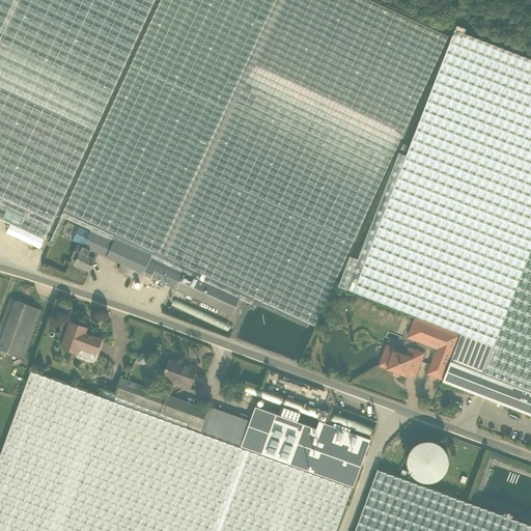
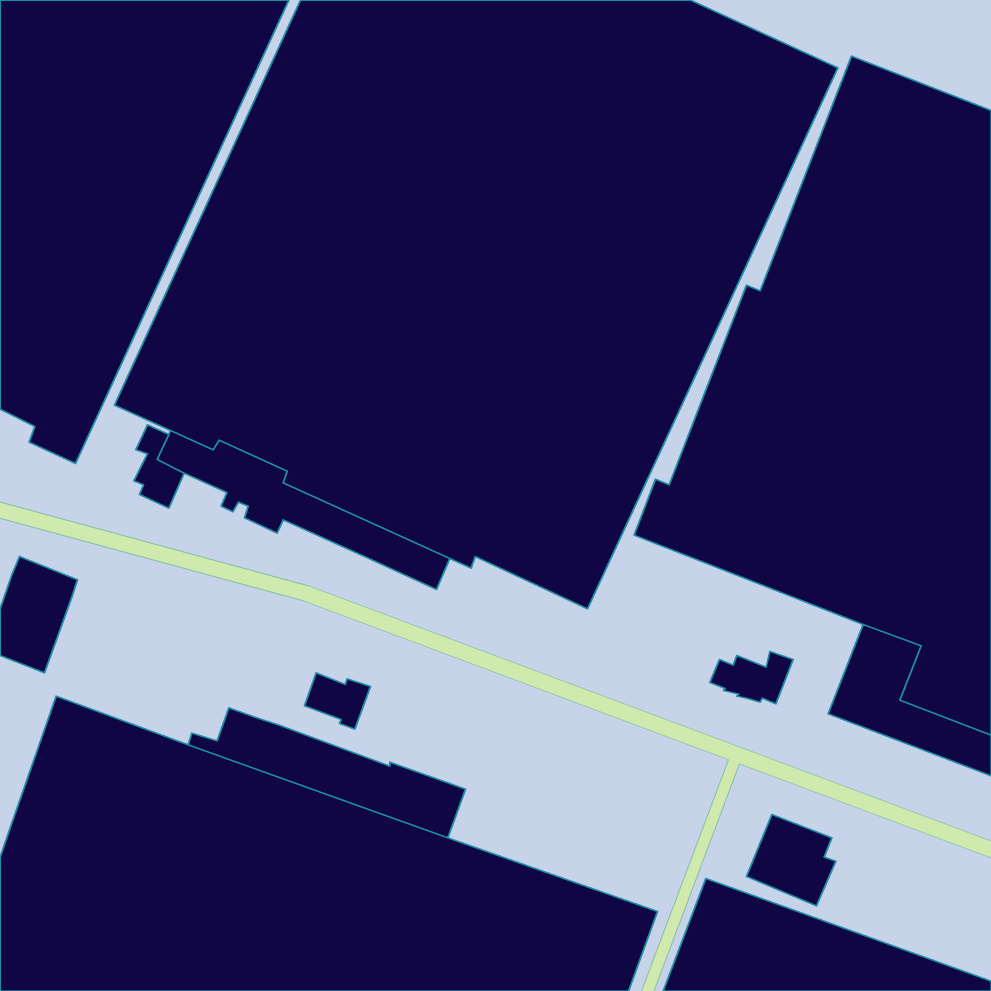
building: [408,317,459,380] -> none
building: [62,323,102,361] -> none
building: [240,410,370,488] -> none

